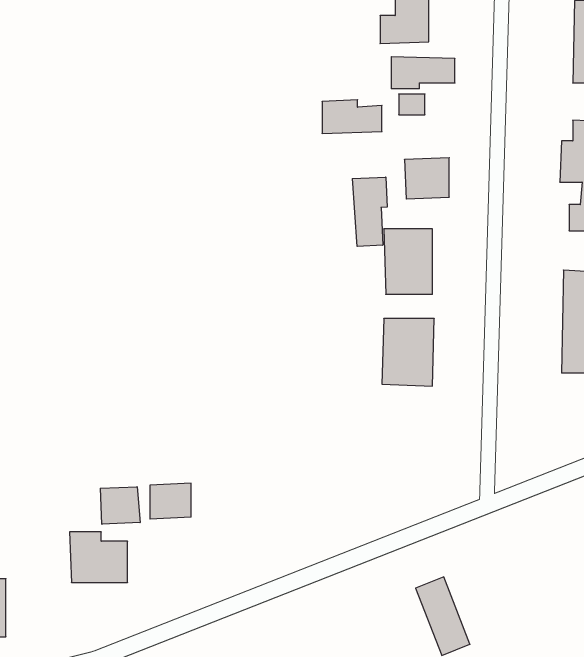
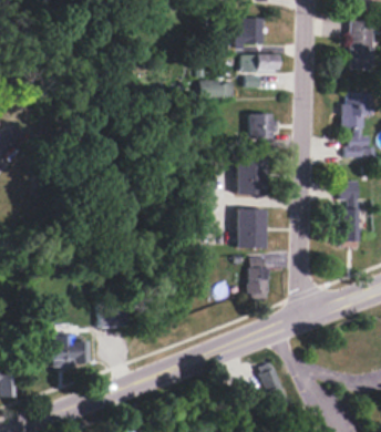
building: [352,177,387,246] -> none
building: none -> [248,257,268,299]
building: [100,487,140,524] -> none

